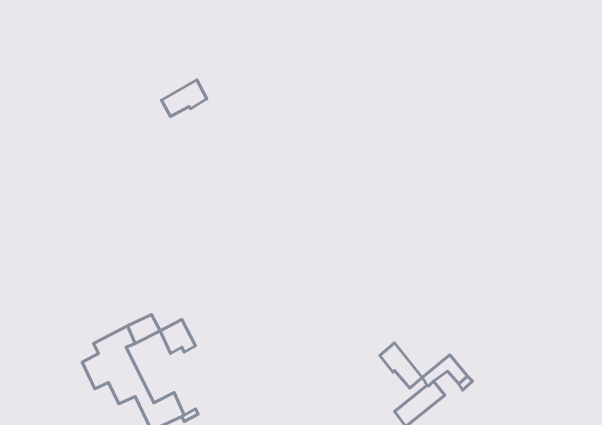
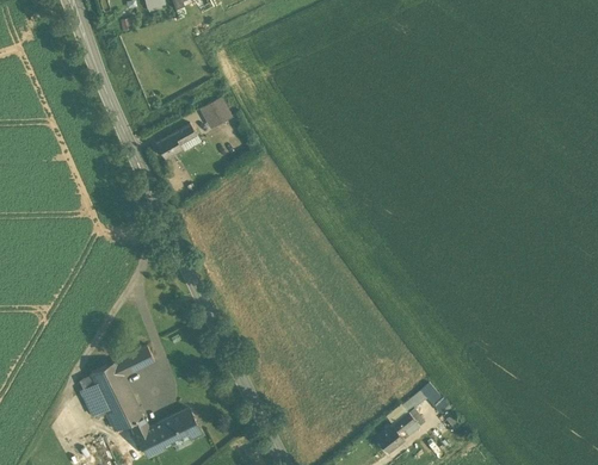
building: none -> [198,97,230,129]
building: [160,319,196,354] -> [167,408,201,440]
building: [380,343,422,388] -> none

